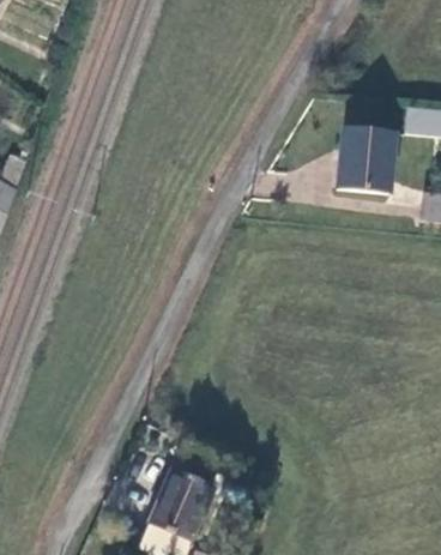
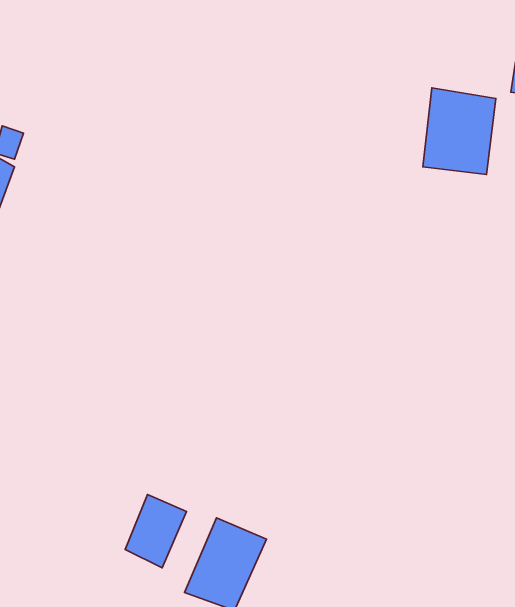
building: none -> [125,494,186,568]

